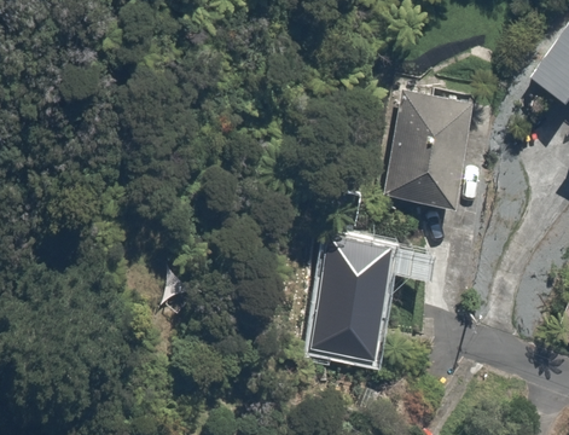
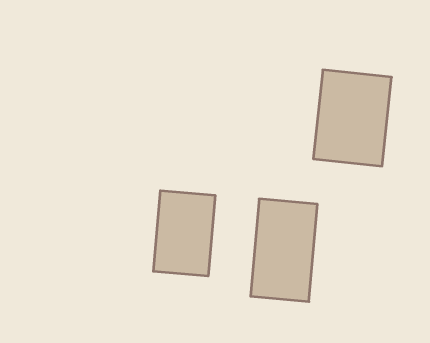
building: none -> [153,191,215,276]

